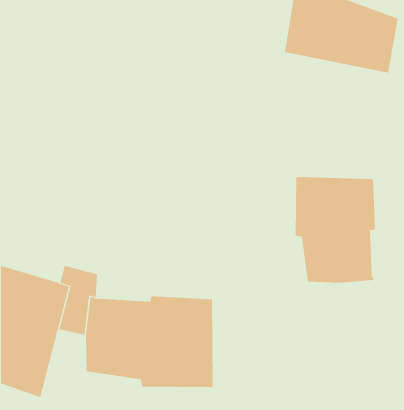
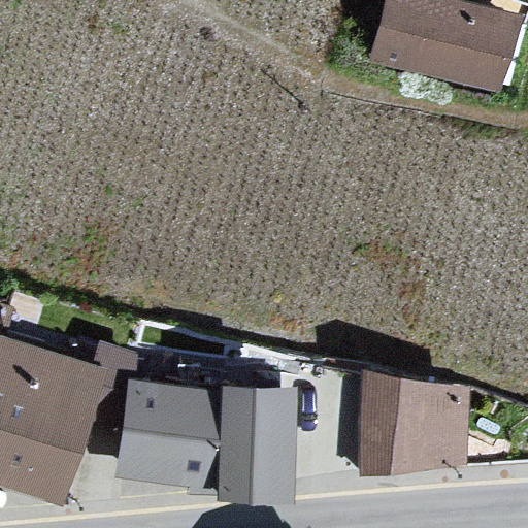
building: [295,176,375,284] -> none
building: none -> [369,360,454,461]

